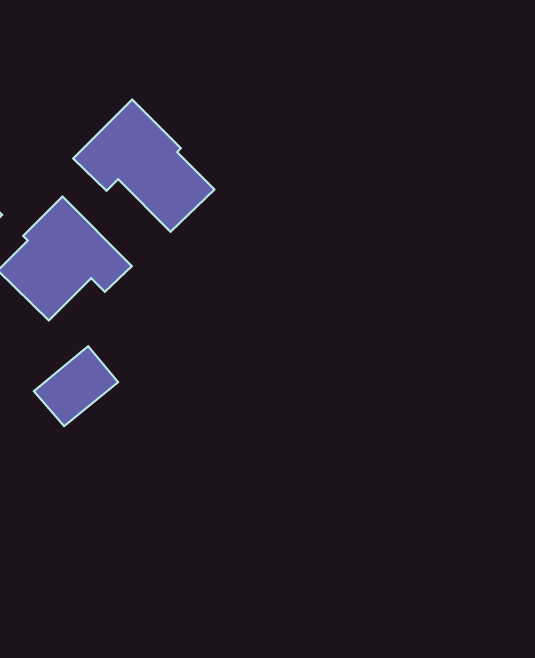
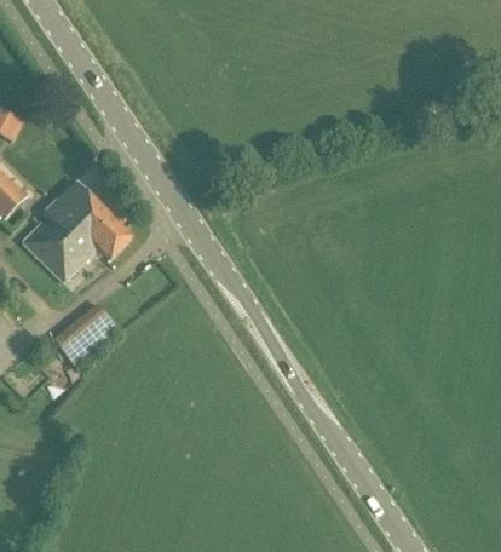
building: [73,99,215,232] -> none

